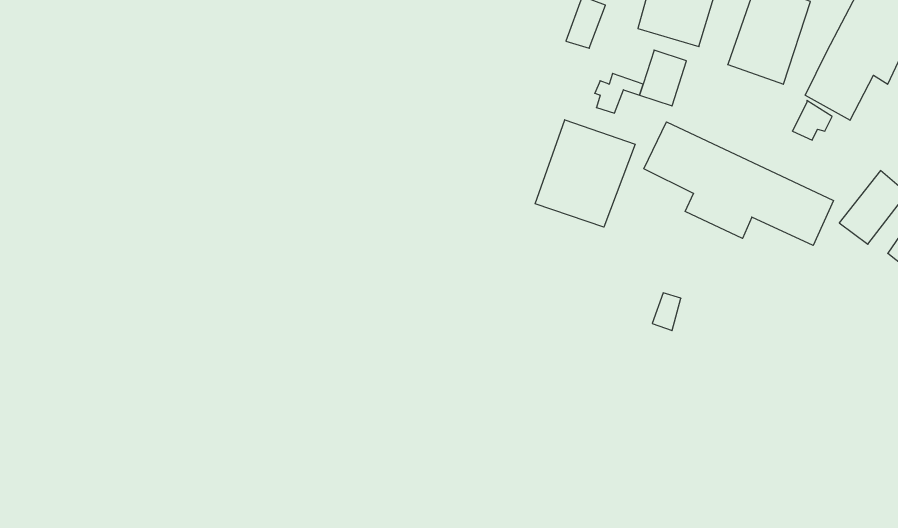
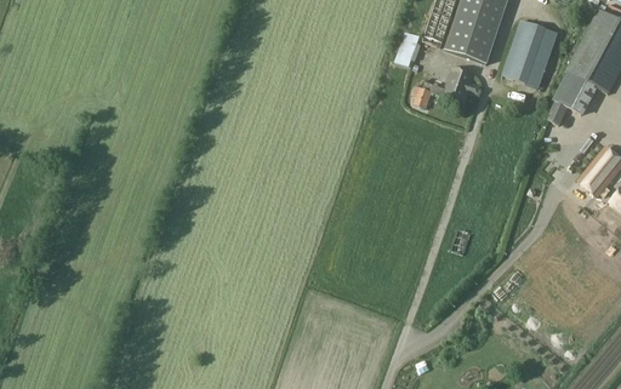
building: [535,120,635,227] -> none
building: [644,122,834,245] -> none

